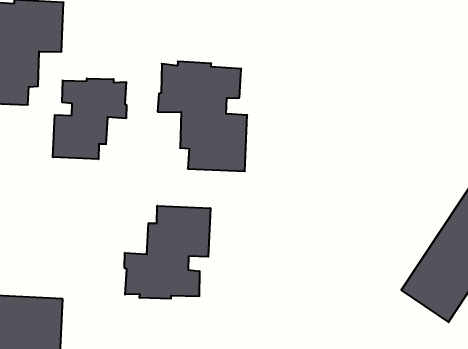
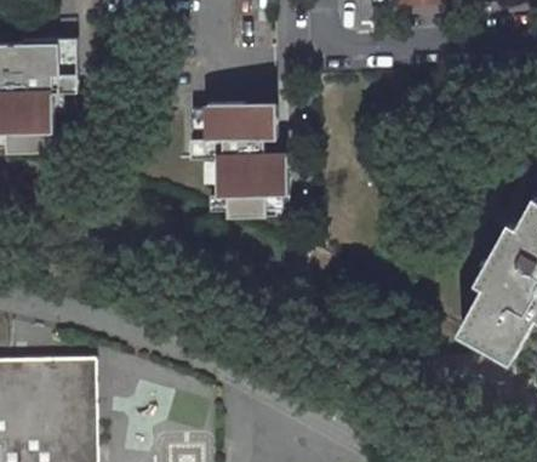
building: [53,78,126,159] -> none
building: [125,206,210,299] -> none

